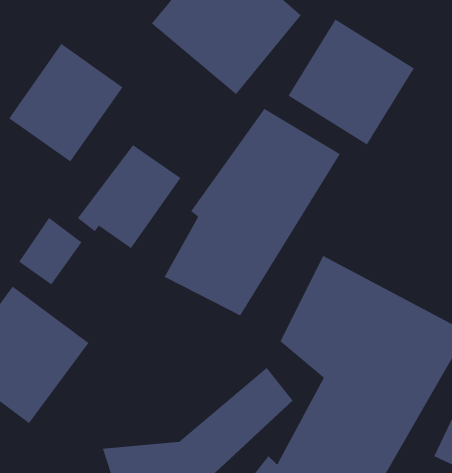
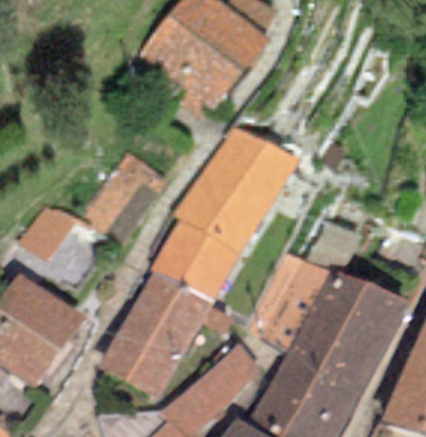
building: [288,19,415,145] -> none
building: [8,43,124,163] -> none
building: none -> [98,269,215,402]

